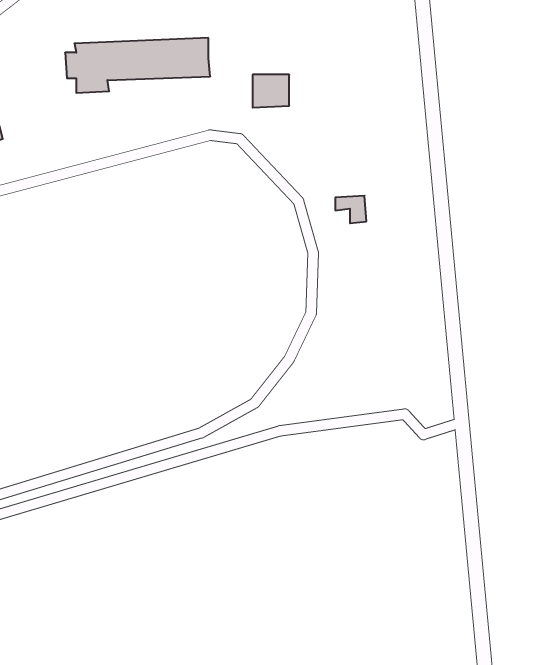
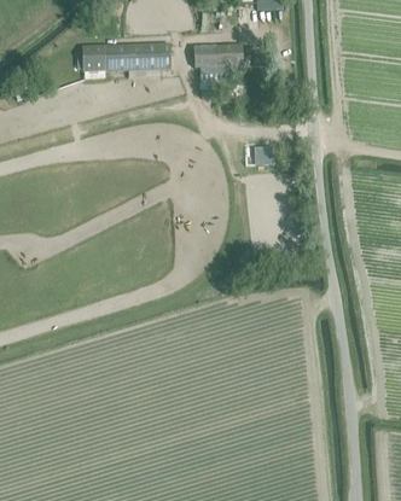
building: none -> [196,45,244,66]

